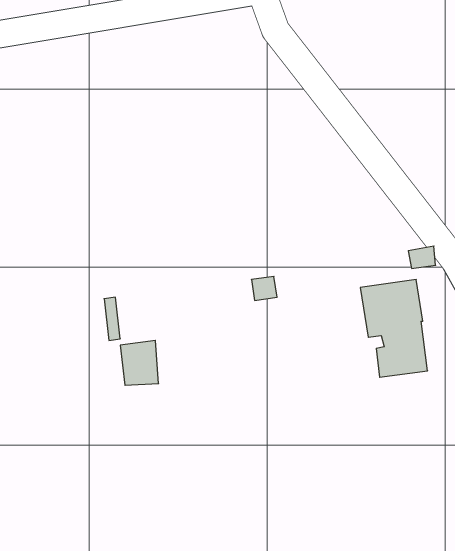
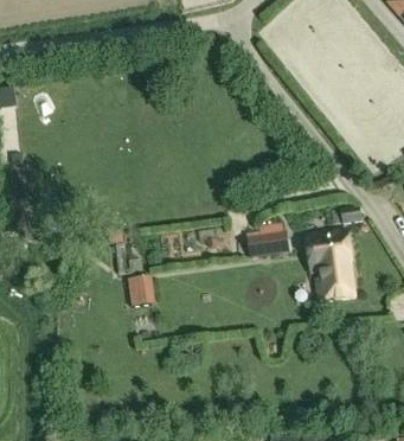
building: none -> [246,221,290,258]

